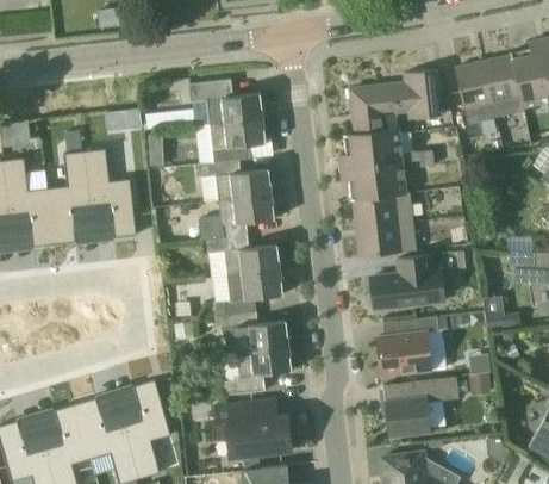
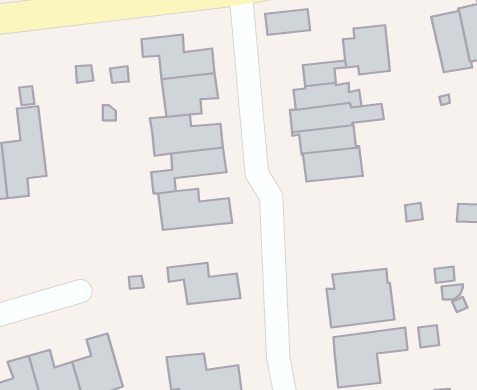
building: [455,61,495,124] -> none
building: [350,83,395,110] -> [265,9,310,35]
building: [85,149,136,237] -> none
building: [356,222,417,256] -> none
building: [370,254,444,309] -> none
building: [211,269,283,315] -> none
building: [222,346,292,395] -> none

